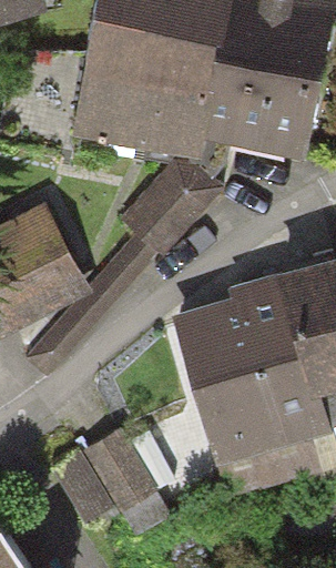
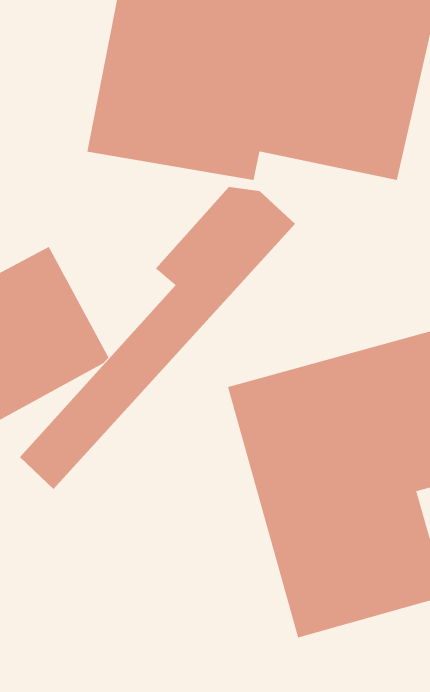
building: [55,439,149,523] -> none

